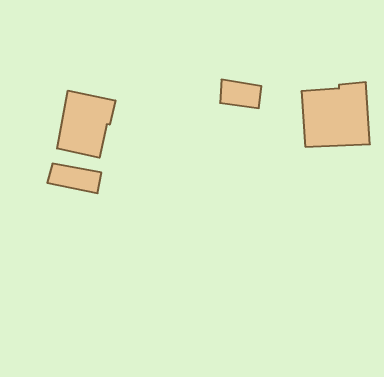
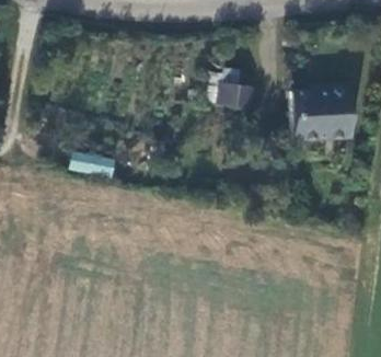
building: [57,91,115,158] -> none

